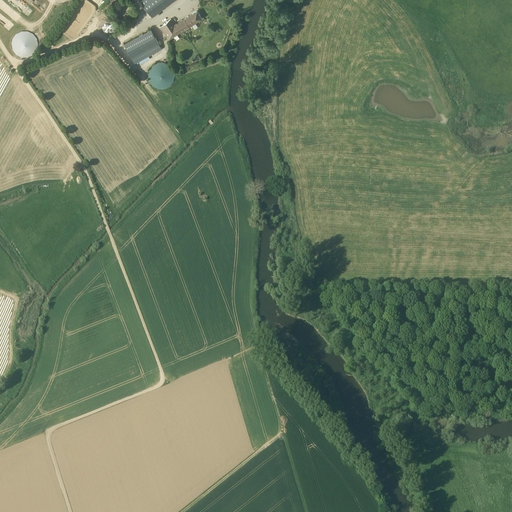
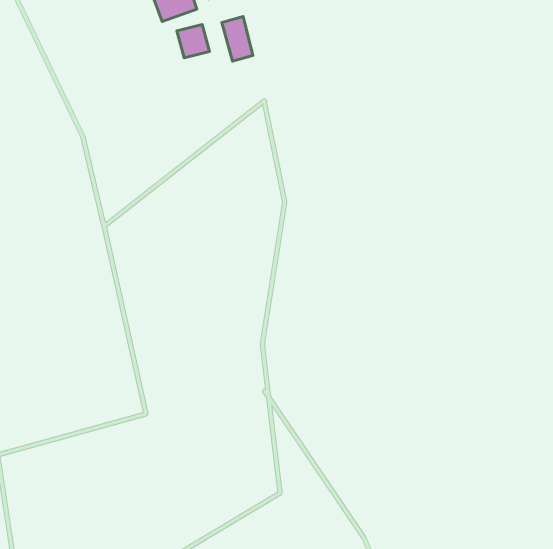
building: none -> [222,16,253,61]

